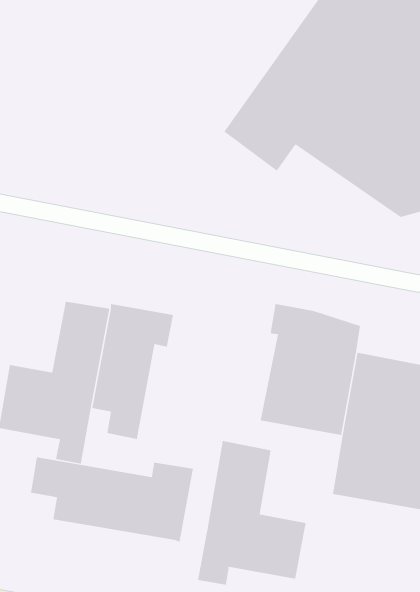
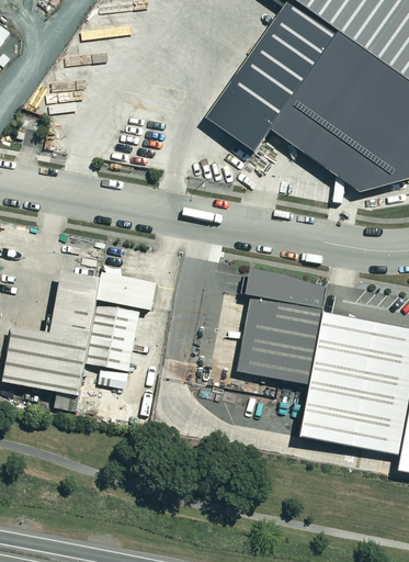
building: [197,440,306,585] -> none
building: [31,456,193,543] -> none

